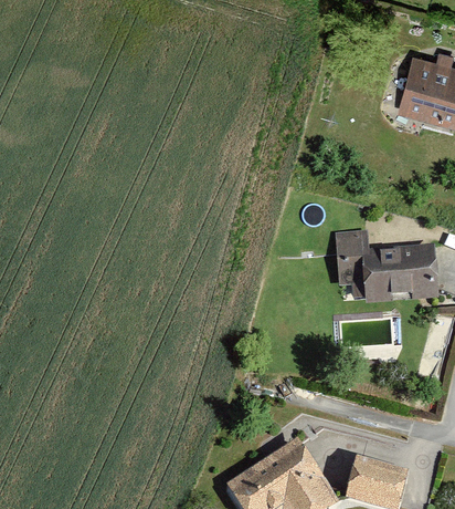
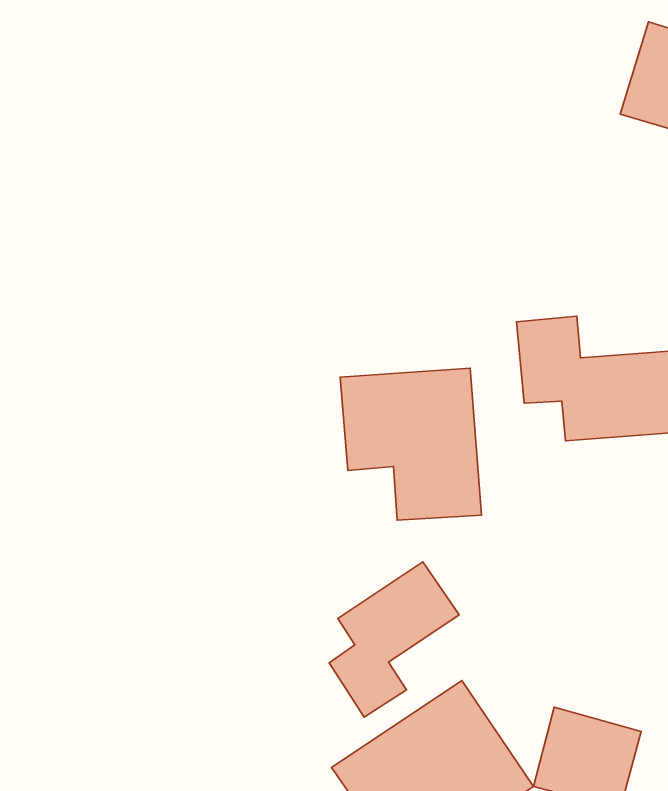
building: none -> [340,368,482,520]
building: none -> [329,562,459,717]

